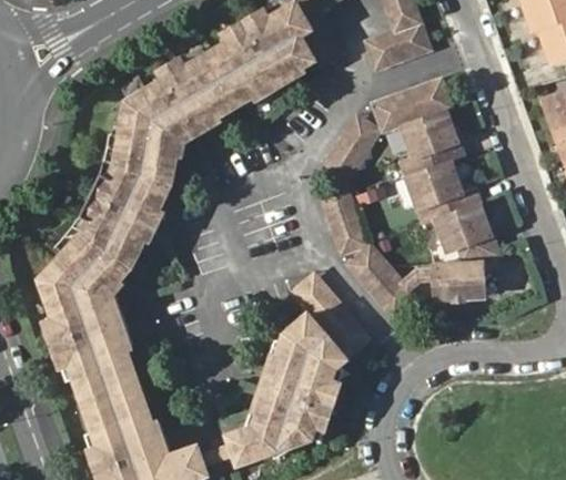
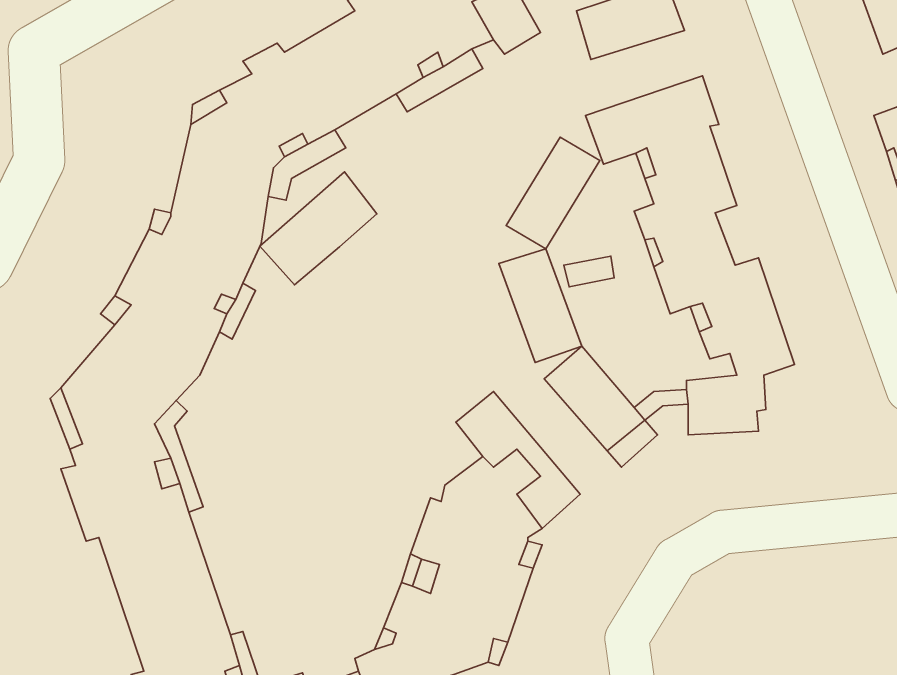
building: none -> [260,172,377,285]

